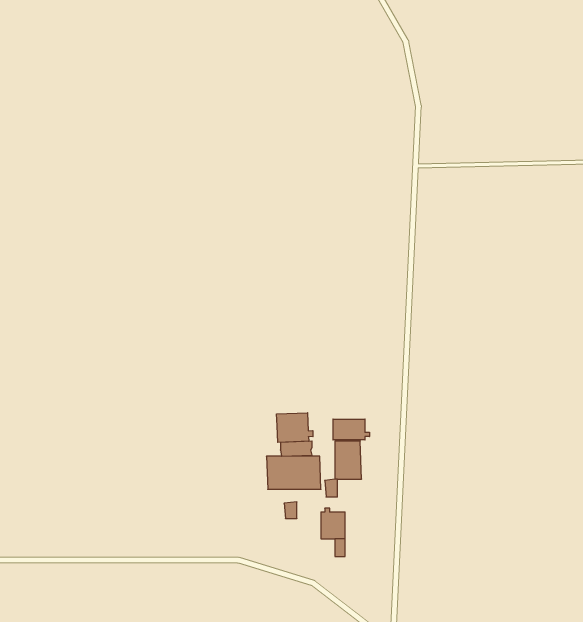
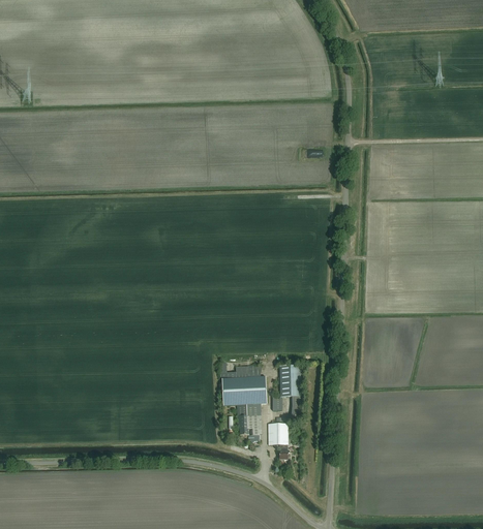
building: [277,413,313,442] -> none
building: [333,419,369,440] -> none

